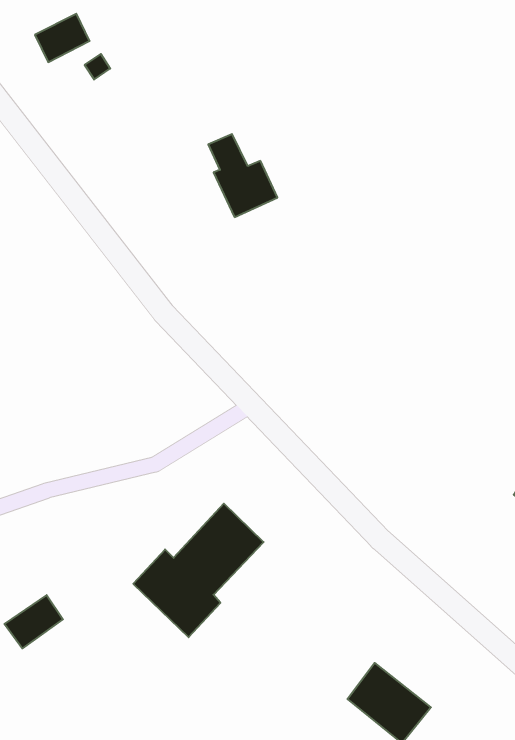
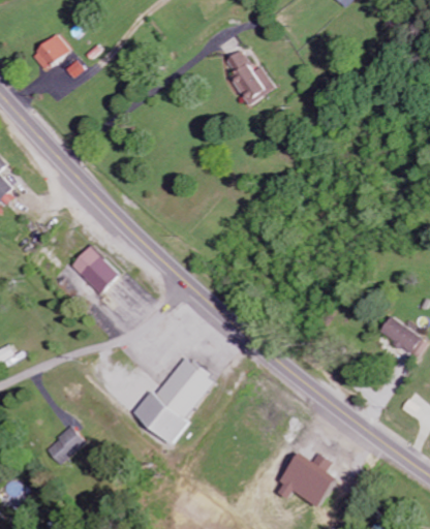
building: [208,134,277,217] -> [225,49,275,104]
building: none -> [71,245,119,292]

